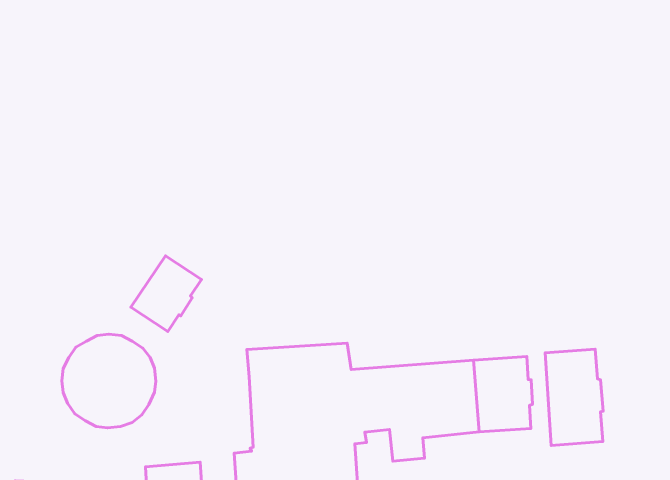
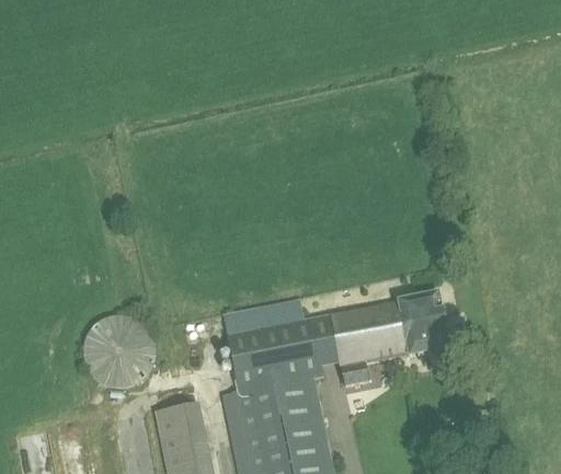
building: [131,256,201,331] -> none
building: [545,349,603,445] -> none

